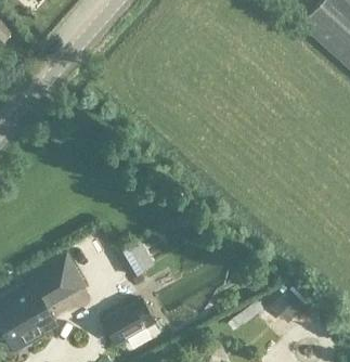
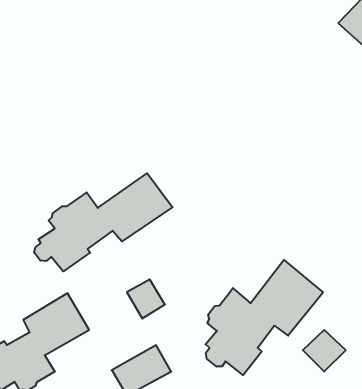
building: none -> [34,173,173,271]
building: none -> [205,260,323,375]

